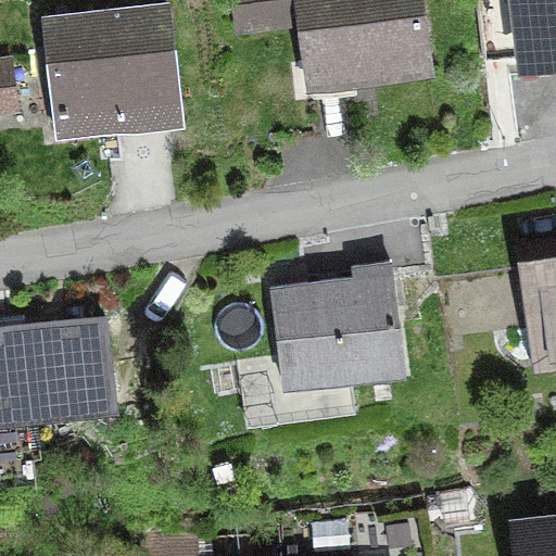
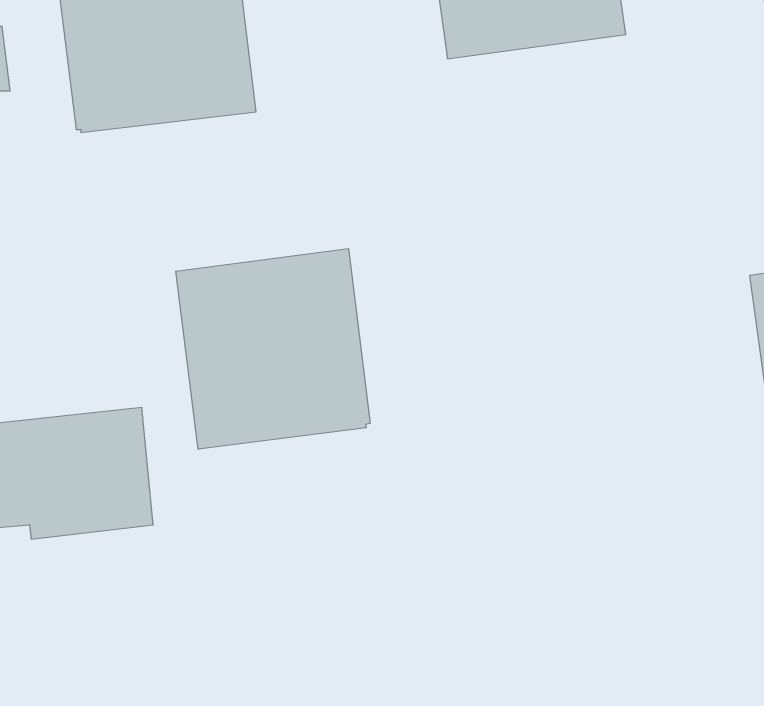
building: none -> [176,249,370,449]
building: [271,265,404,391] -> none

